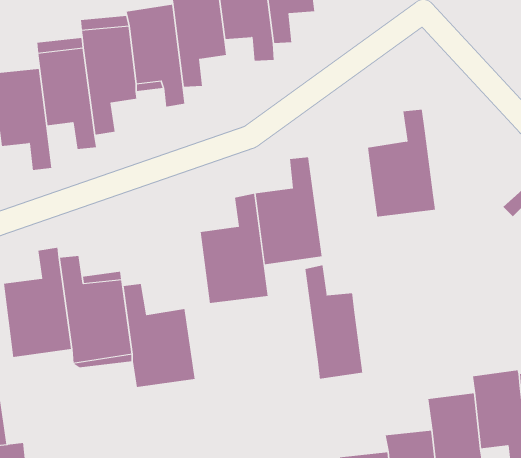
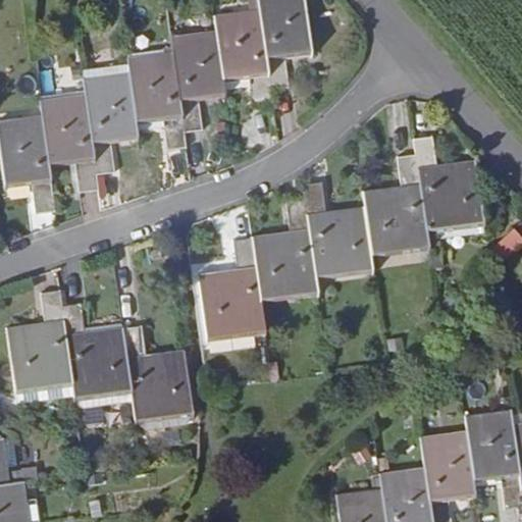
building: none -> [414,134,484,237]
building: none -> [303,180,373,282]
building: [305,265,363,380] -> none

